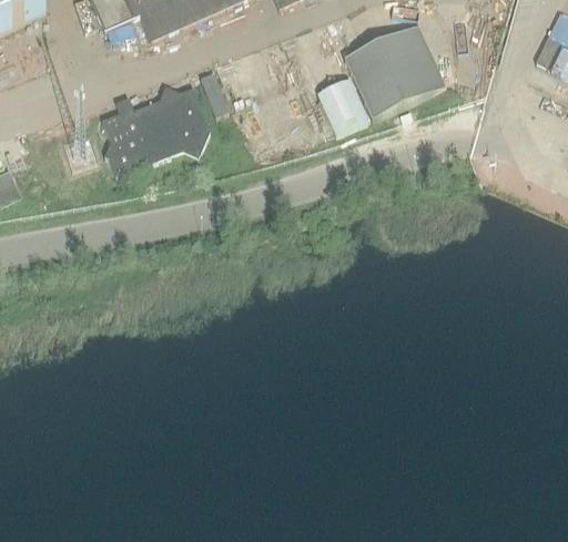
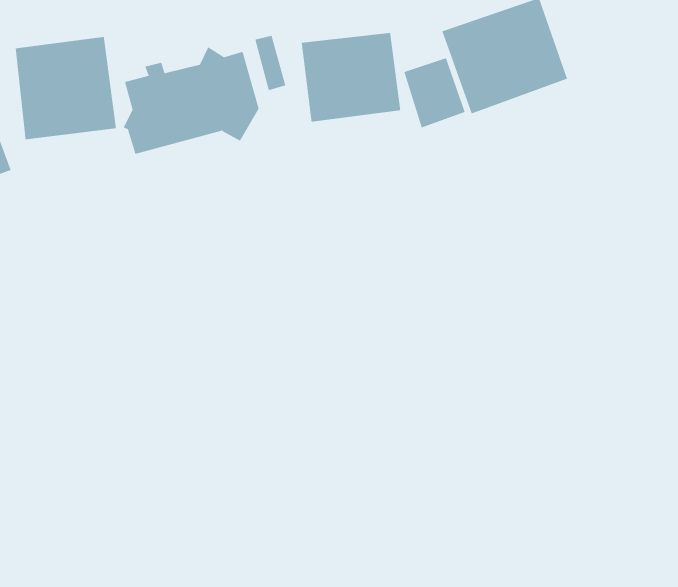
building: none -> [301,32,401,123]
building: none -> [15,36,116,140]

